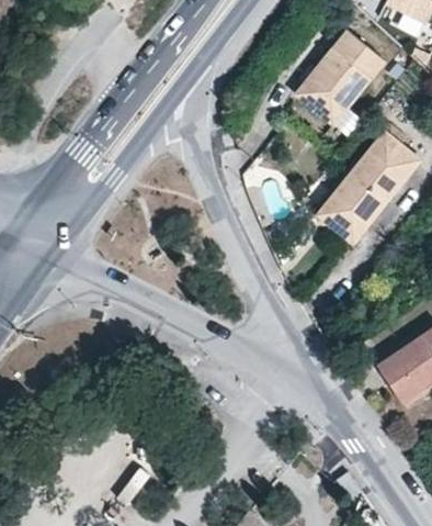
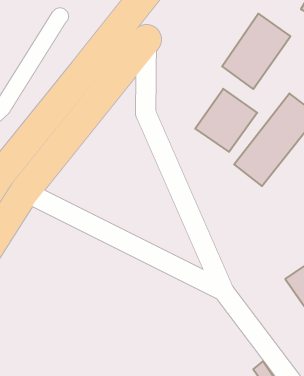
building: none -> [195,89,257,152]

